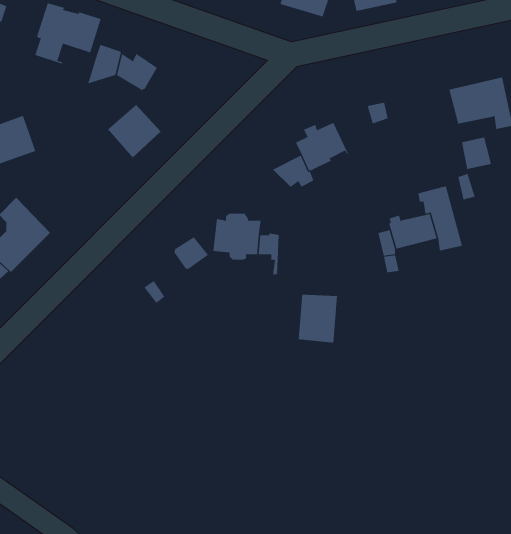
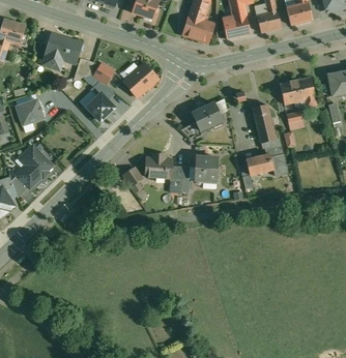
building: none -> [124,63,158,98]
building: none -> [253,105,275,143]
building: [298,294,338,343] -> [194,155,217,183]

